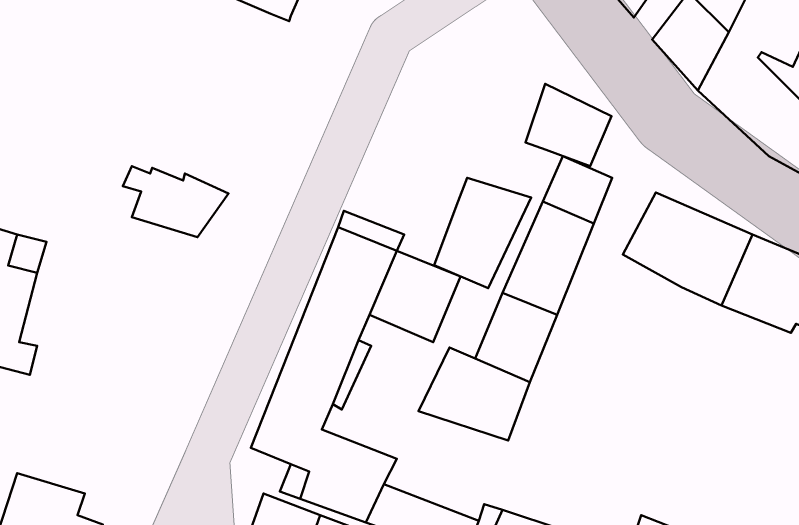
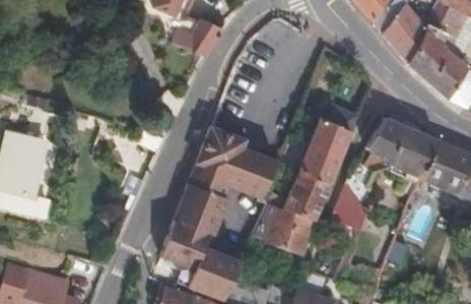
building: [526,84,612,166] -> none
building: [123,166,229,237] -> [165,16,224,56]
building: [434,178,531,288] -> none
building: none -> [337,182,366,231]

